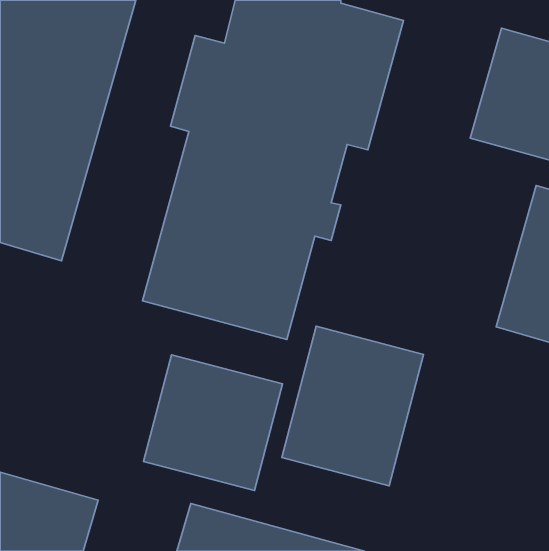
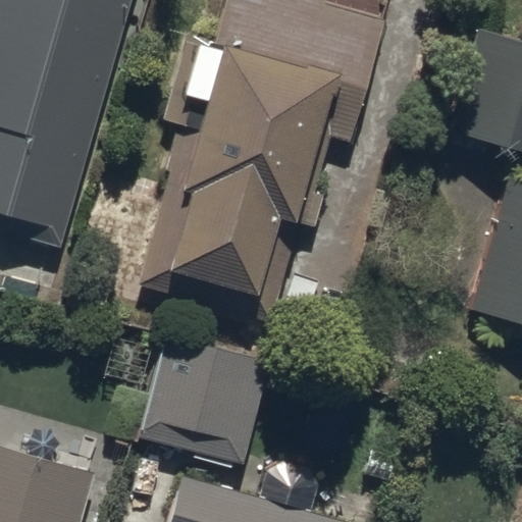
building: [282,326,424,486] -> none

